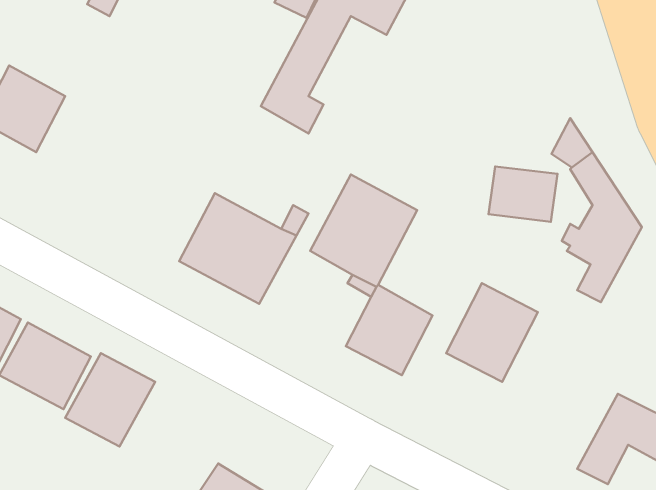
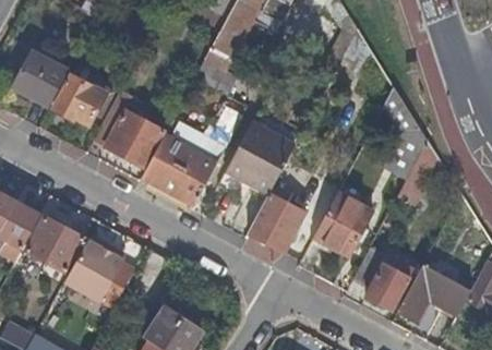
building: none -> [55,79,106,125]
building: none -> [94,105,173,169]
building: [489,167,557,222] -> none
building: none -> [356,253,410,309]

